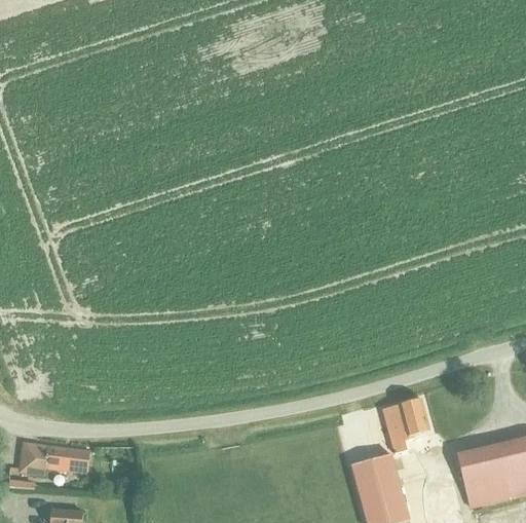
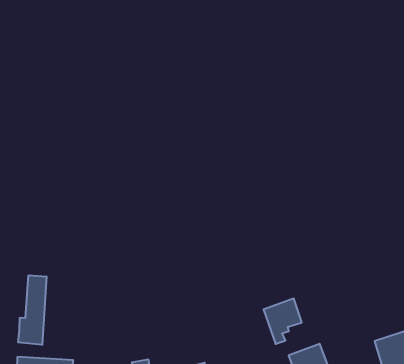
building: none -> [18,275,46,345]
building: [382,399,427,452] -> [263,299,302,344]

